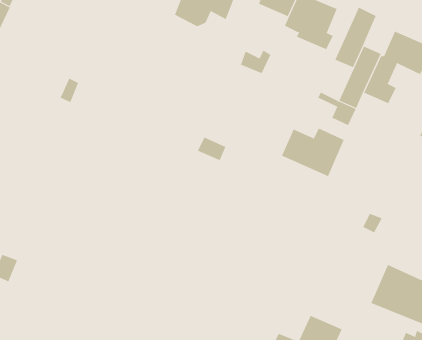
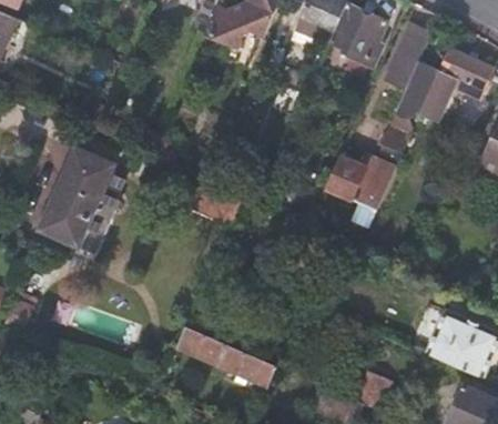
building: none -> [39,149,112,246]
building: none -> [177,326,277,387]

